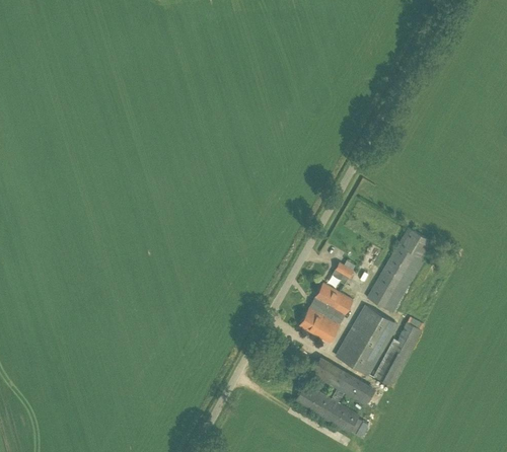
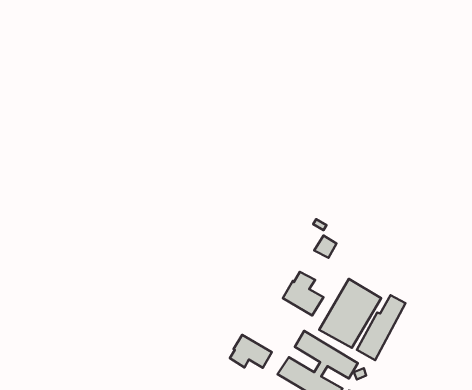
building: [367,227,433,312] -> none
building: [314,282,353,323] -> none
building: none -> [230,335,272,368]

